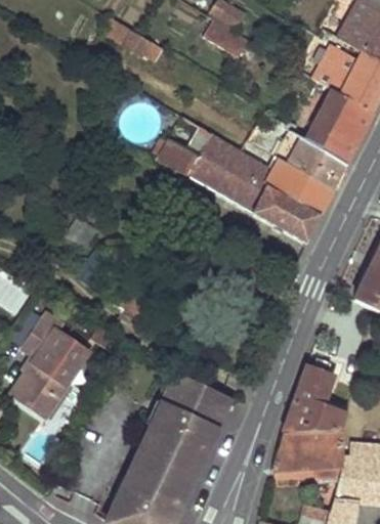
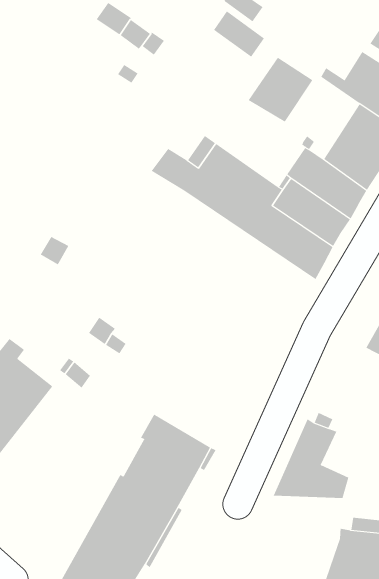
building: none -> [248,57,313,123]
building: [271,431,343,483] -> none

